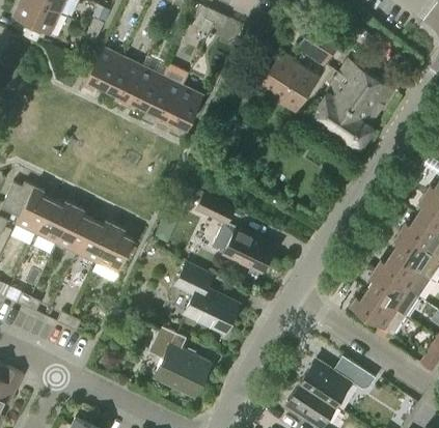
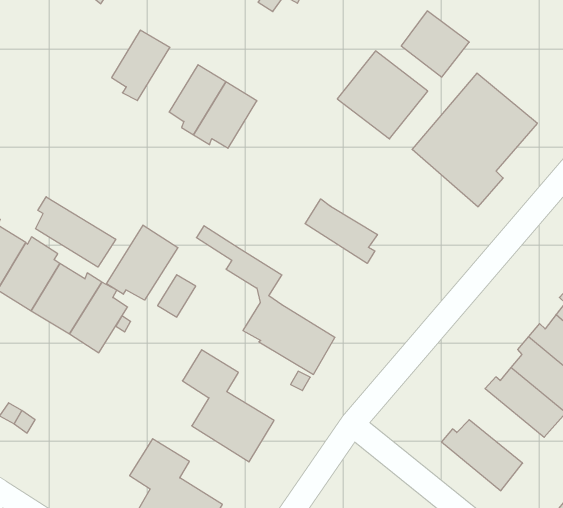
building: [84,48,122,91] -> none
building: [126,67,163,110] -> none
building: none -> [305,199,377,263]
building: none -> [36,197,116,267]
building: none -> [106,225,178,300]
building: [367,269,418,316] -> none

